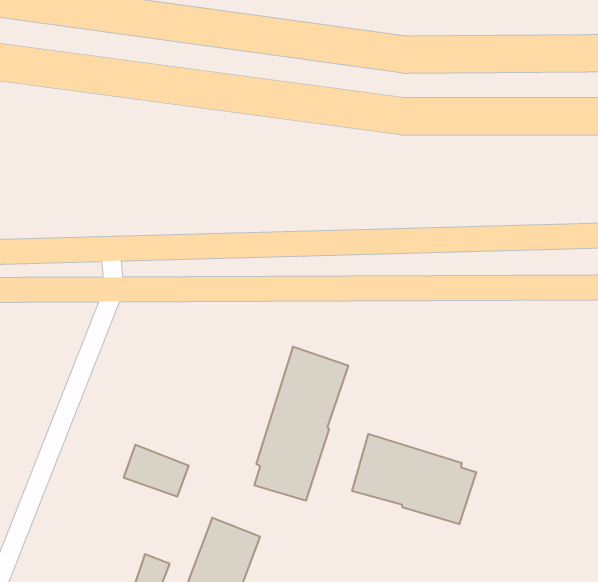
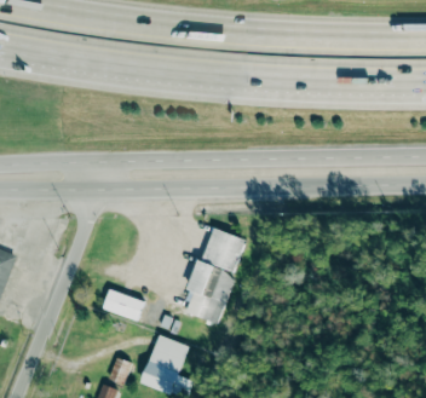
building: [352,434,476,524] -> none

